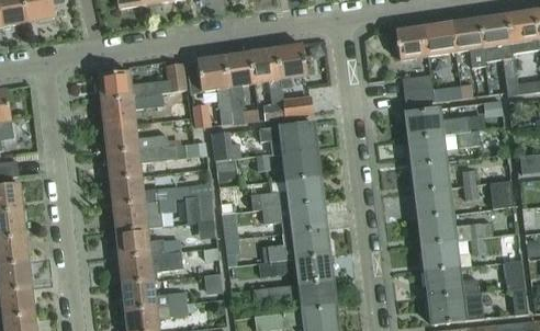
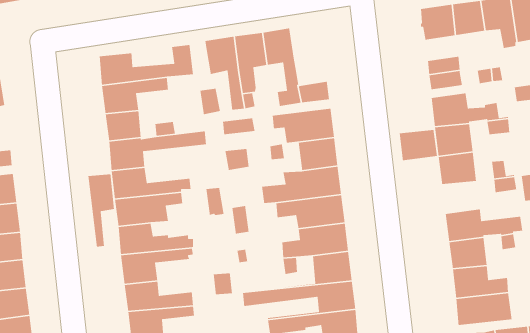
building: [275,44,307,88] -> none
building: none -> [88,174,115,247]
building: [416,190,452,219] -> [399,129,438,161]

